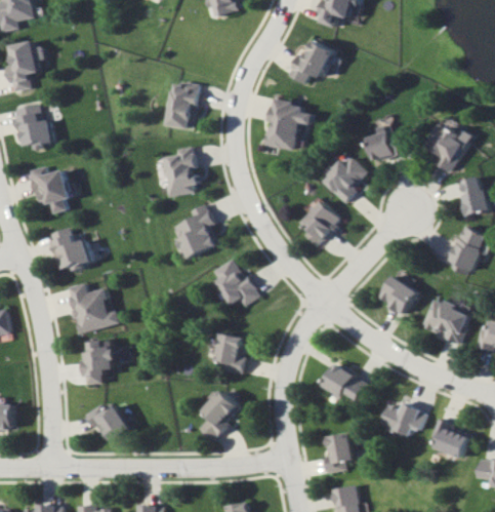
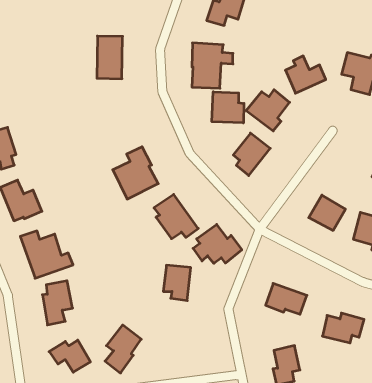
building: [161,146,200,197] -> none
building: none -> [212,92,244,123]
building: none -> [193,224,242,263]
building: [199,390,240,441] -> [105,325,141,373]

